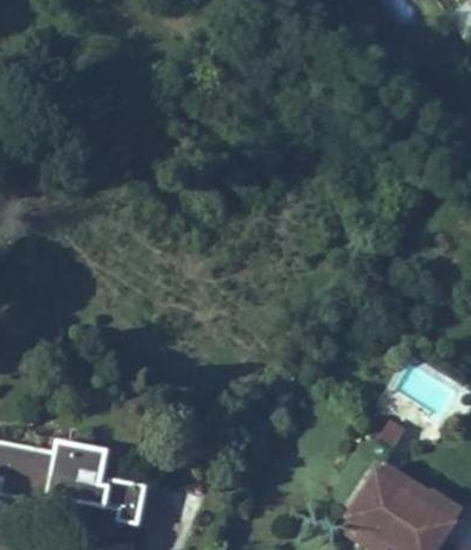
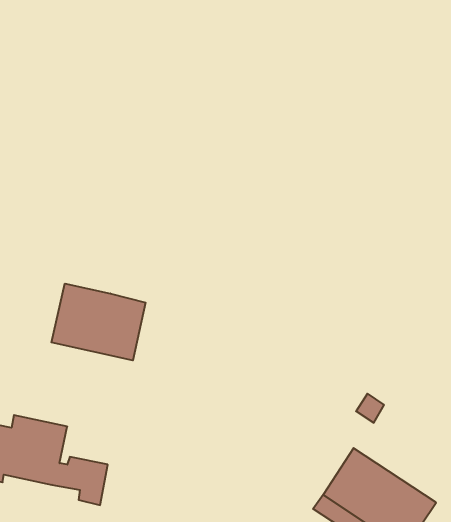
building: none -> [51,284,146,360]

